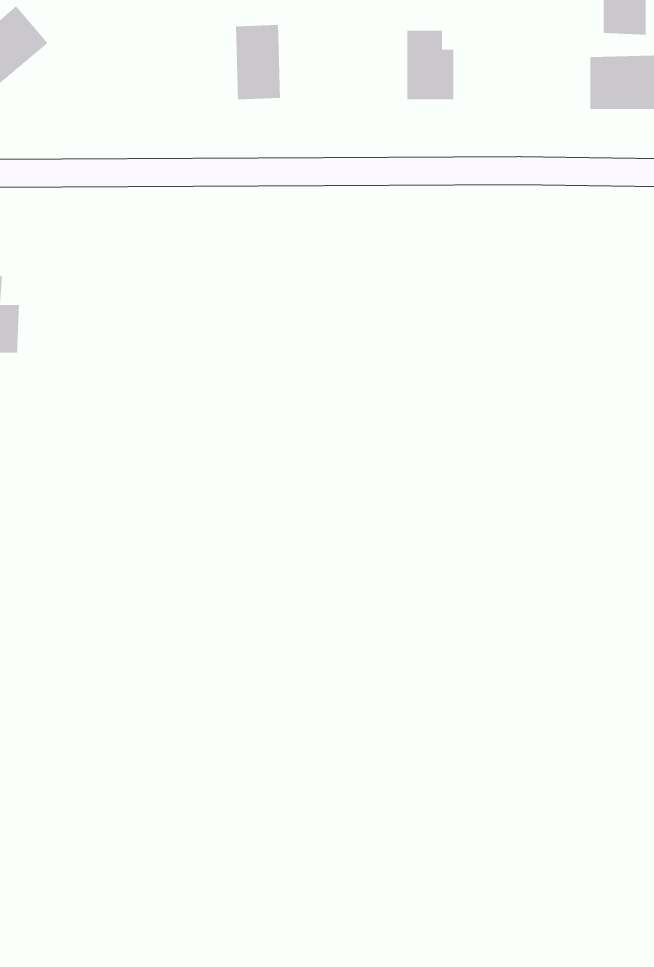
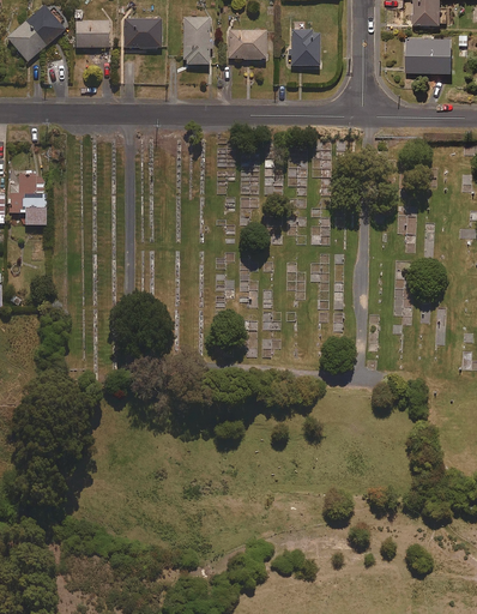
building: none -> [123,18,161,47]
building: none -> [76,19,109,47]
building: none -> [228,29,266,59]

